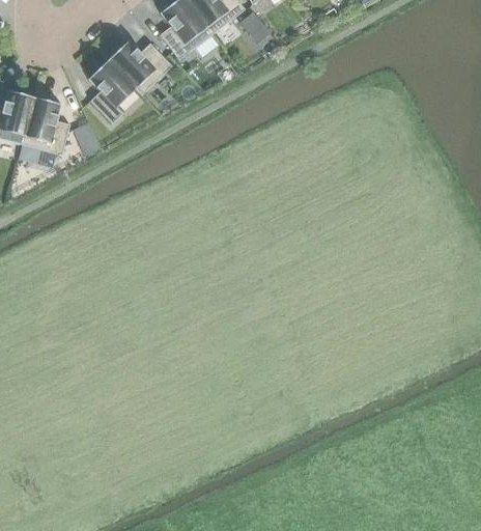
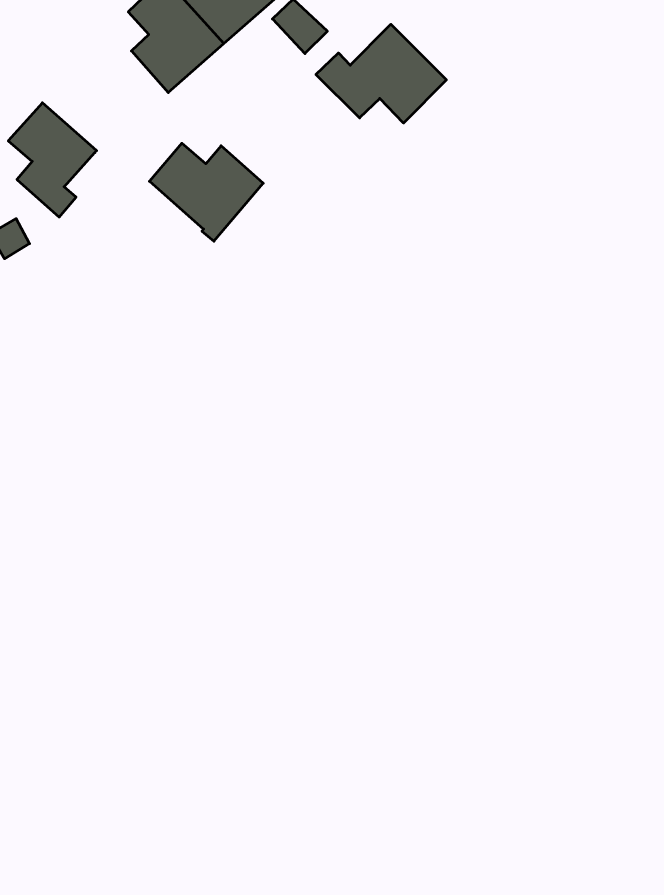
building: none -> [316,24,446,123]
building: [108,39,171,95] -> [149,143,263,241]

